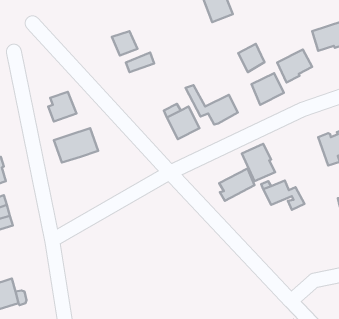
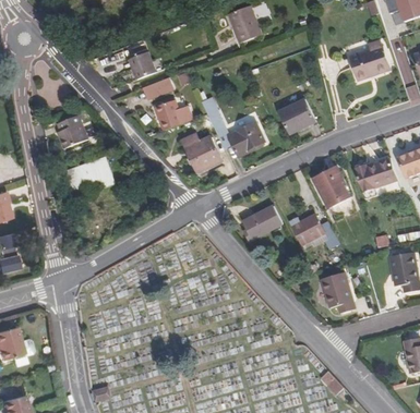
building: [238,44,265,72] -> none
building: [277,50,312,82] -> none
building: none -> [154,97,184,129]
building: [242,144,275,181] -> [317,168,355,209]
building: none -> [322,271,356,312]

